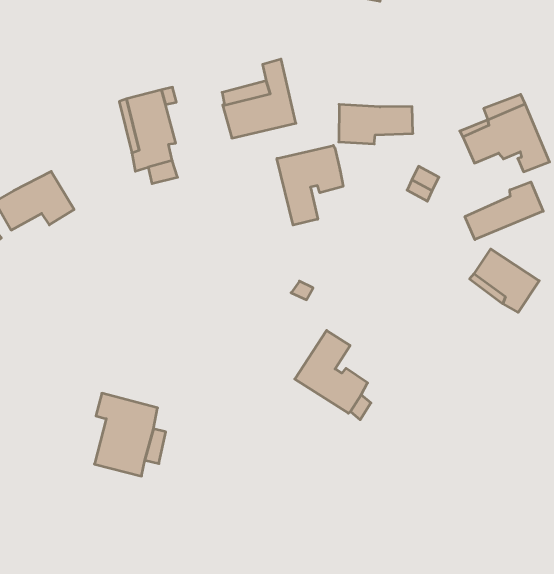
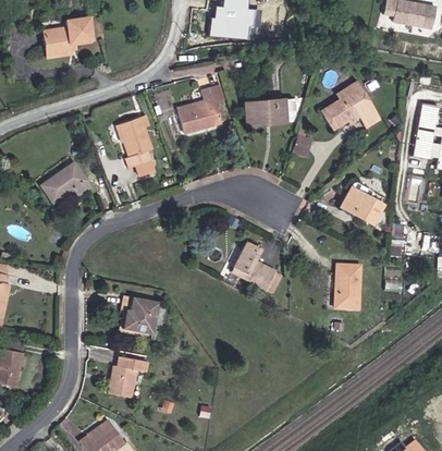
building: [277,145,343,225] -> none
building: [465,182,543,240] -> none
building: none -> [337,265,363,308]
building: none -> [106,356,145,398]

